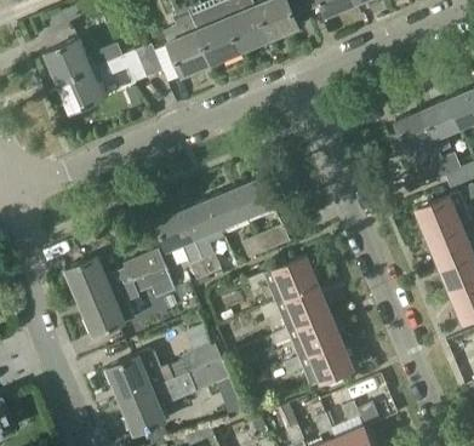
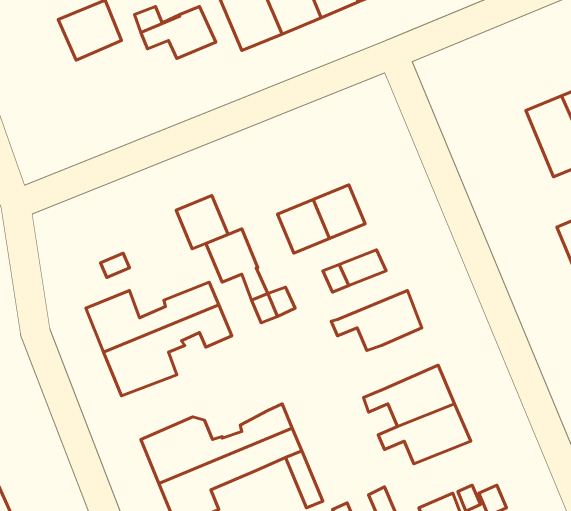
building: [58,70,104,114] -> none
building: [182,200,221,240] -> [176,195,228,249]
building: [261,285,329,331] -> none

